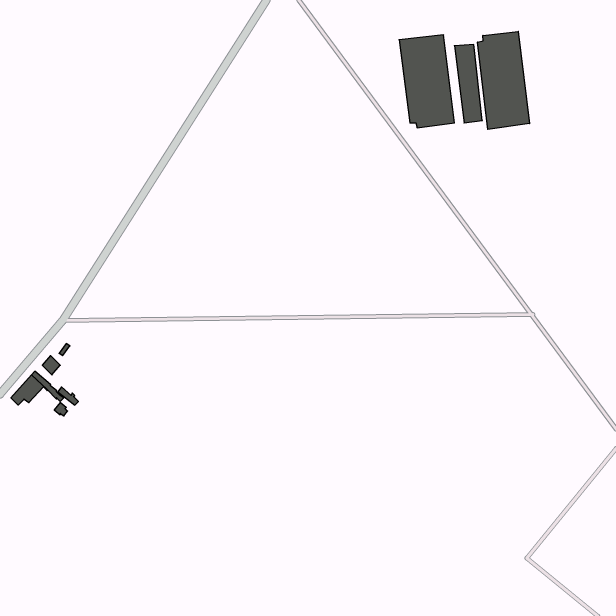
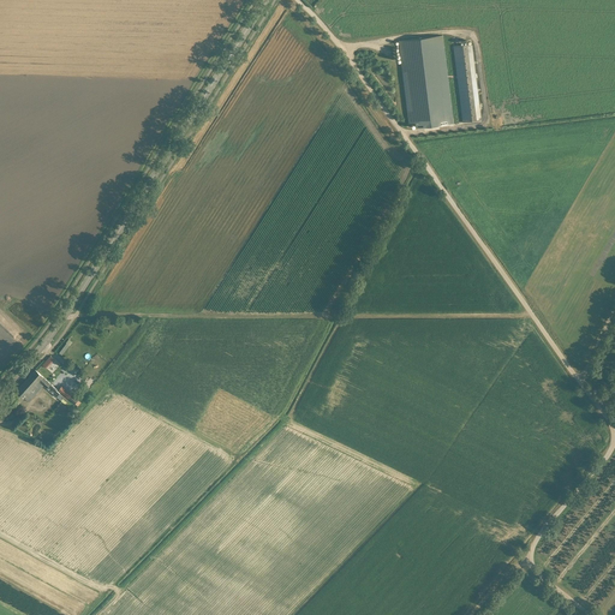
building: [478,31,530,129] -> none

